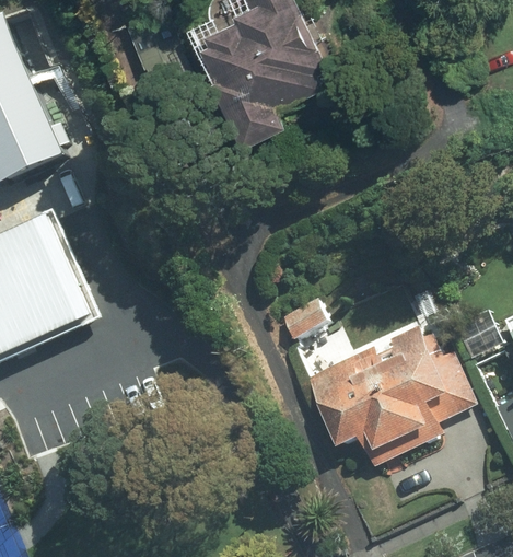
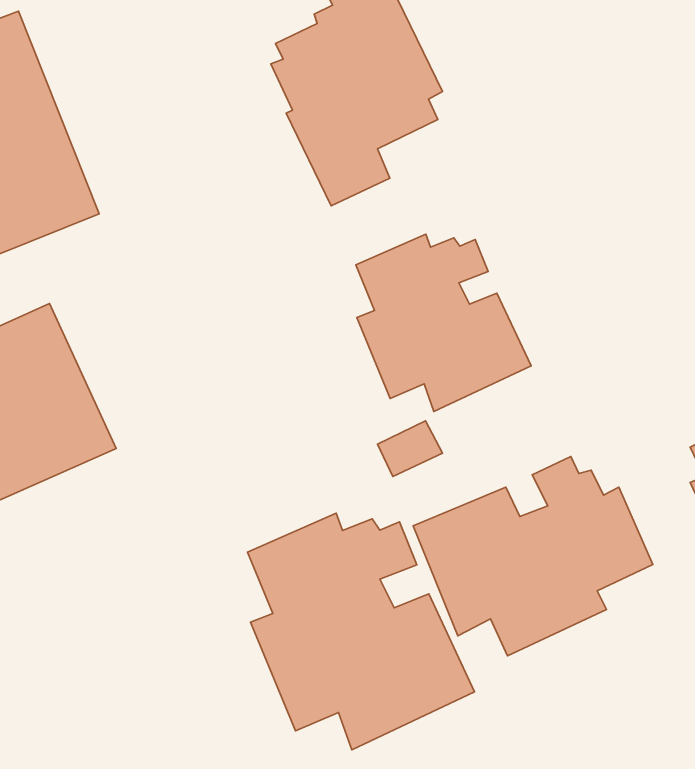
building: none -> [356,234,531,412]
building: none -> [248,513,475,750]

